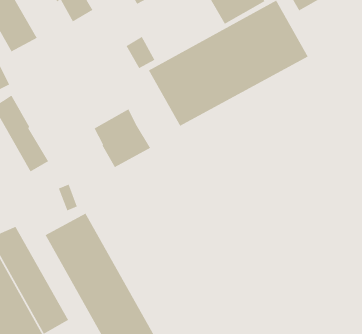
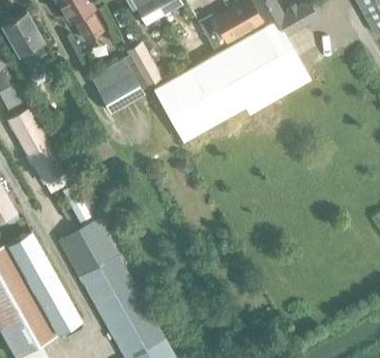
building: [93,108,151,168] -> [91,59,145,115]

